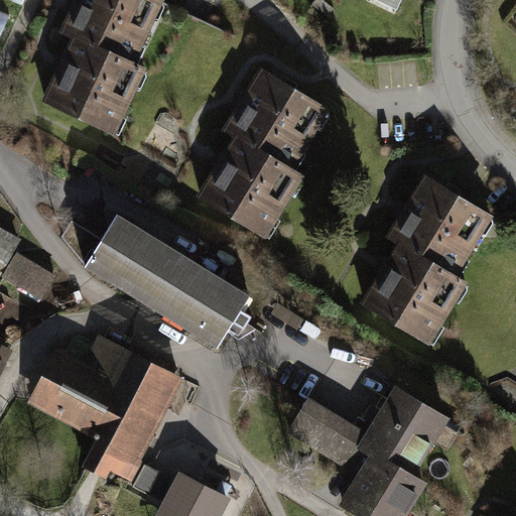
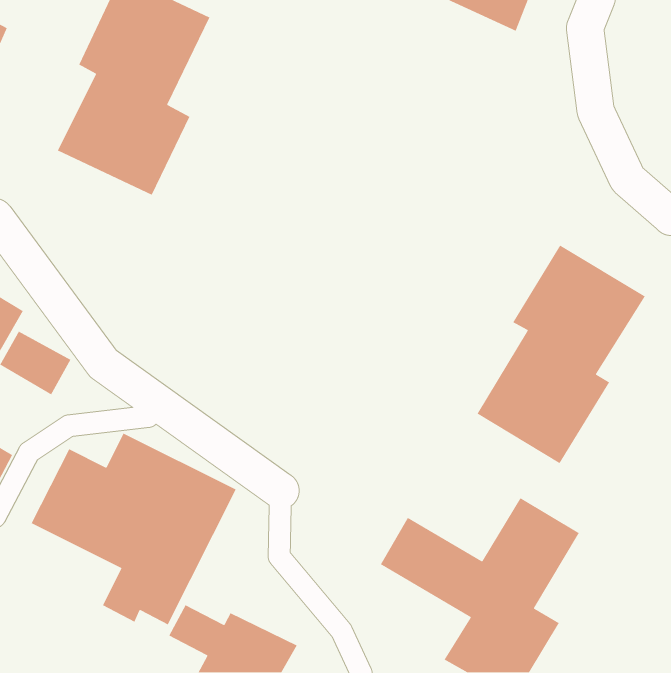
building: [202,81,331,248] -> none
building: [79,206,247,343] -> none

